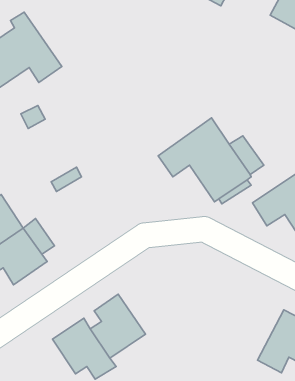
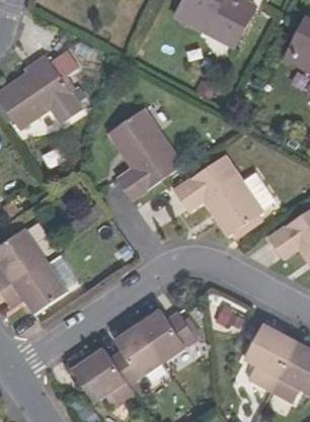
building: none -> [107,107,182,199]
building: none -> [136,310,196,363]
building: none -> [244,323,296,389]

